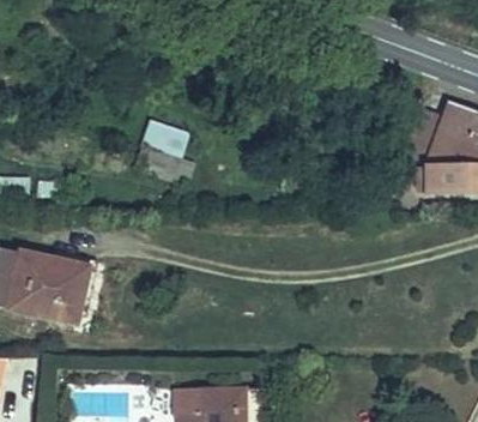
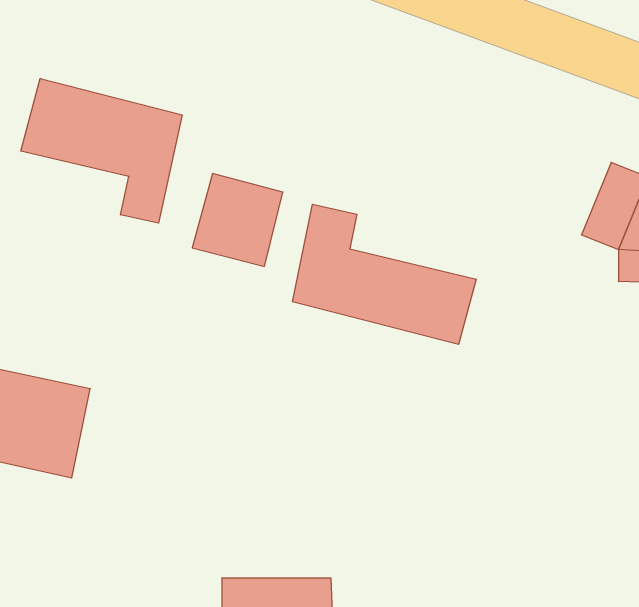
building: none -> [21,78,182,223]
building: none -> [293,204,476,344]

